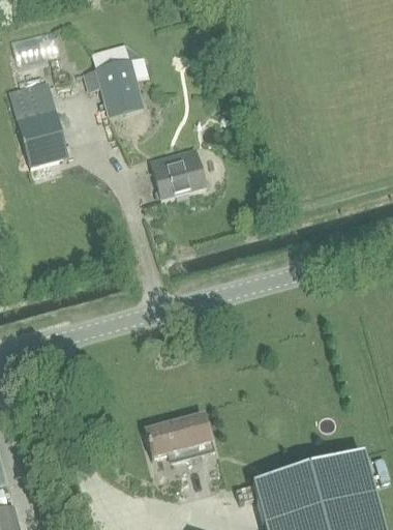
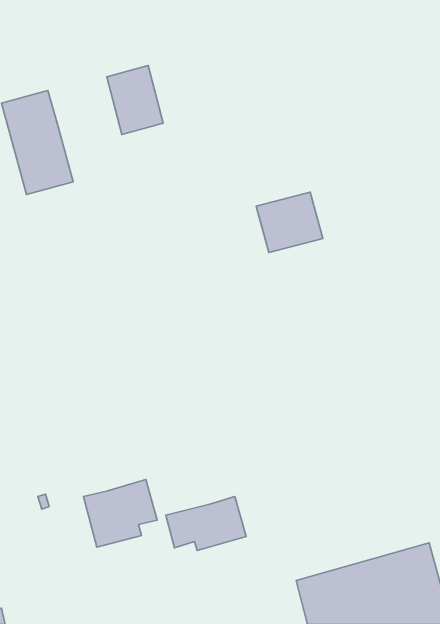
building: [151,148,206,198] -> [256,192,323,252]
building: none -> [83,479,157,547]

